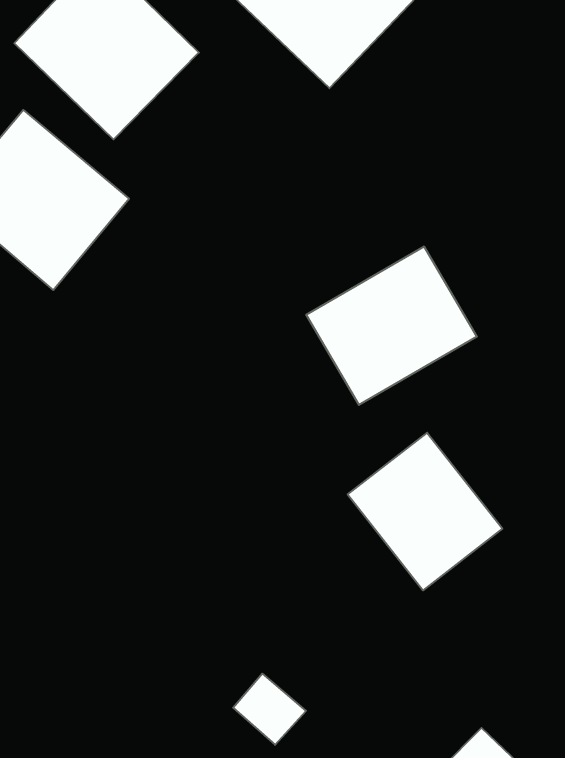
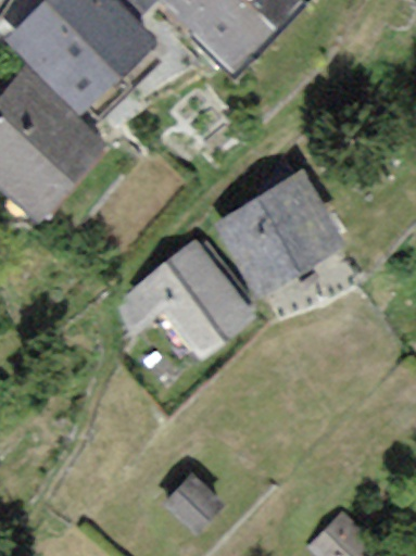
building: none -> [122,242,251,352]
building: [348,433,502,590] -> none

